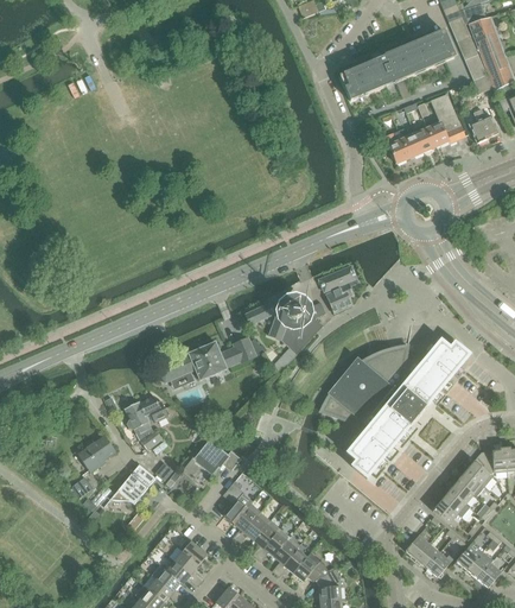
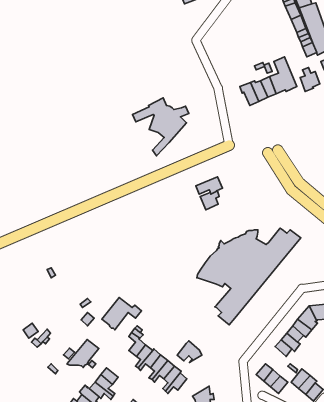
building: [343,30,456,100] -> none
building: [244,289,325,372] -> [133,98,189,156]
building: [155,336,265,381] -> none
building: [125,394,169,449] -> none
building: [77,433,115,471] -> none
building: [112,462,157,502] -> [67,339,99,368]
building: [293,551,329,582] -> [177,341,202,363]

